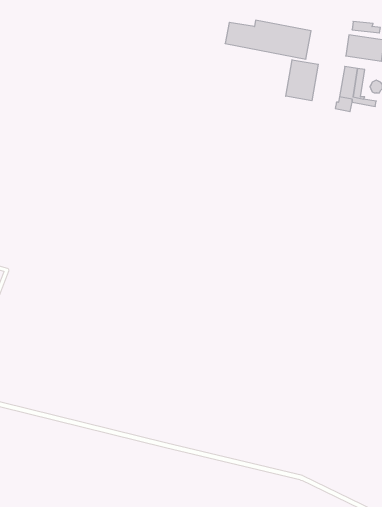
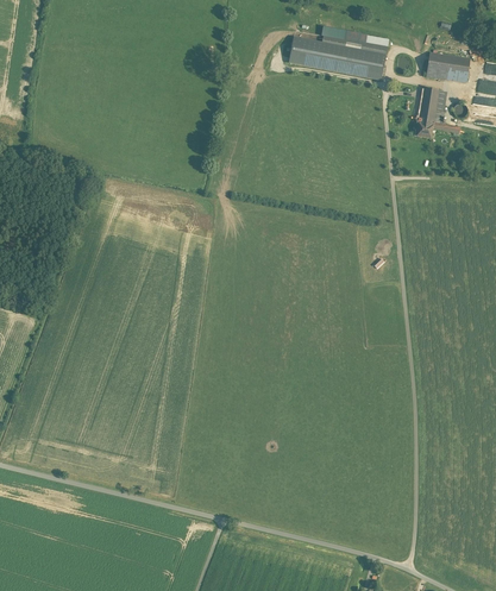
building: [286,60,318,101] -> none

